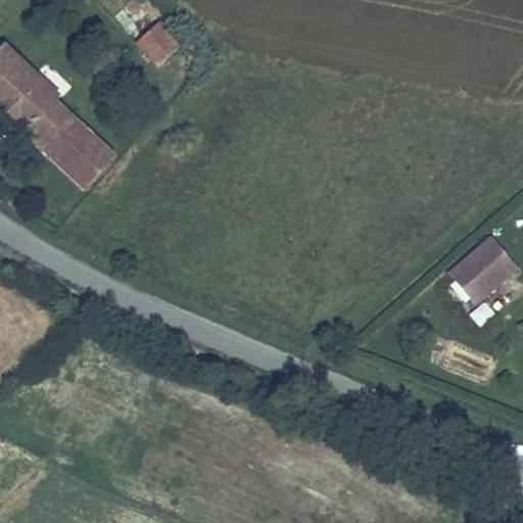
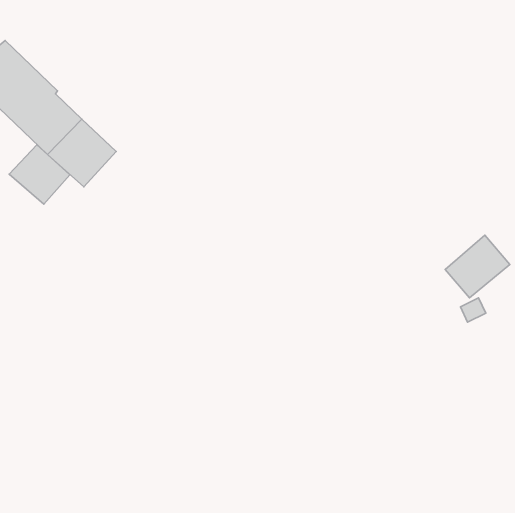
building: [135,19,178,62] -> none
building: none -> [9,145,70,204]

